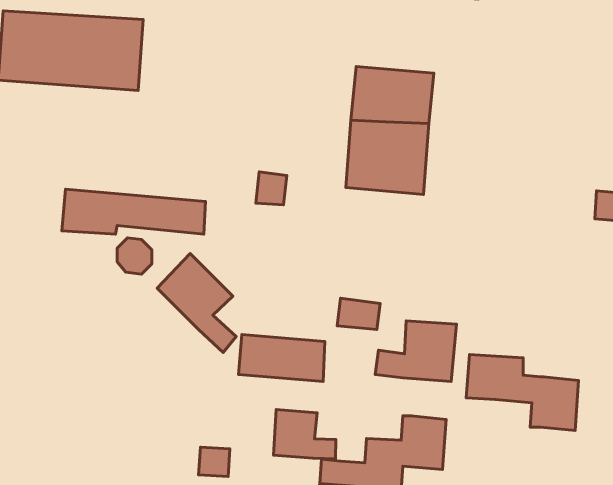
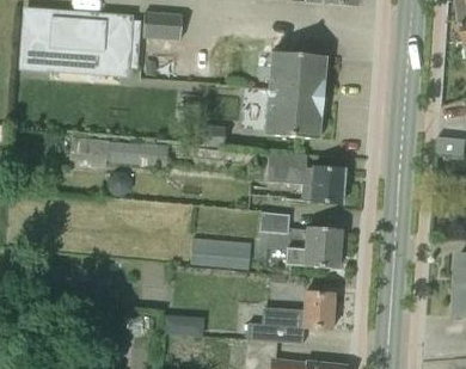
building: none -> [143,13,183,39]
building: [157,253,236,352] -> none
building: [466,354,579,431] -> [266,152,344,204]
building: [273,409,336,459] -> none

